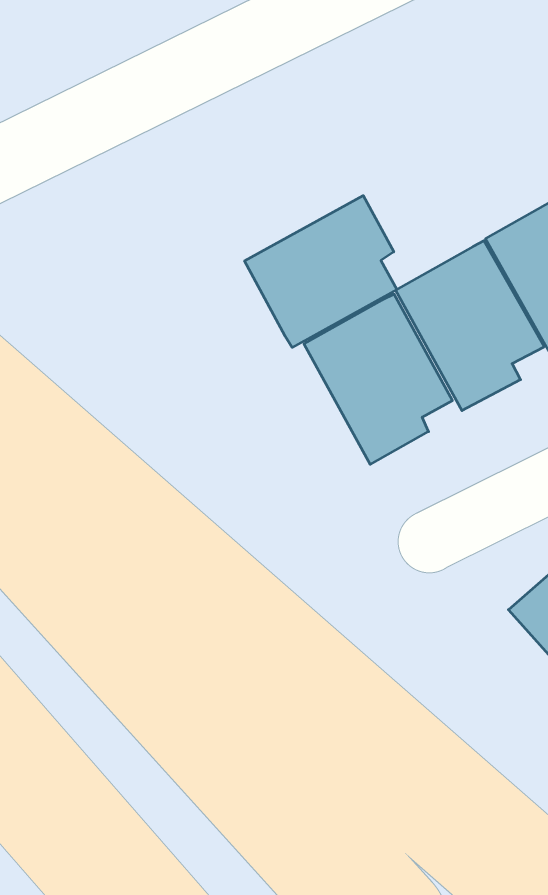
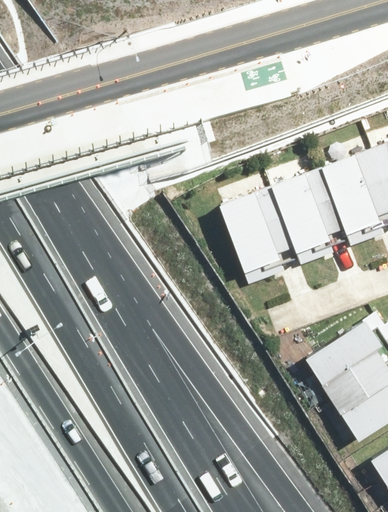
building: [245,196,397,347] -> none

